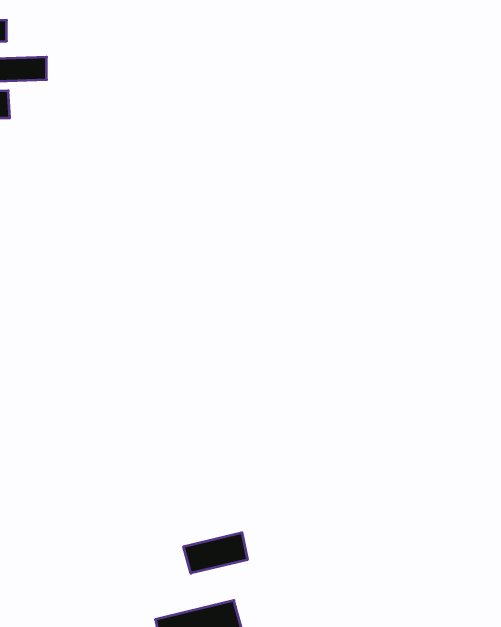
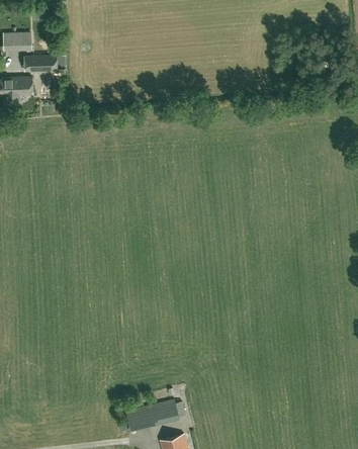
building: [184,533,247,573] -> none

